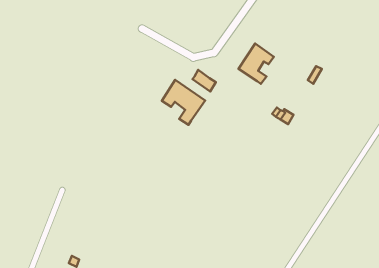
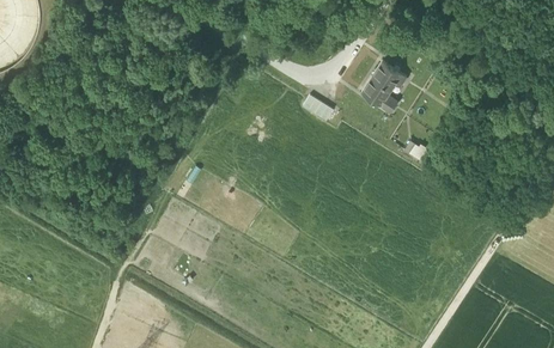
building: [162,80,205,125] -> none

